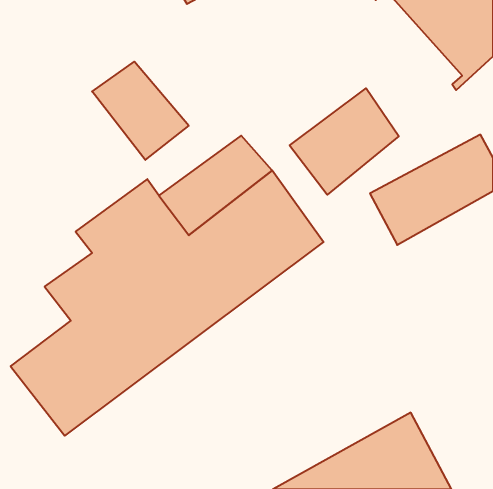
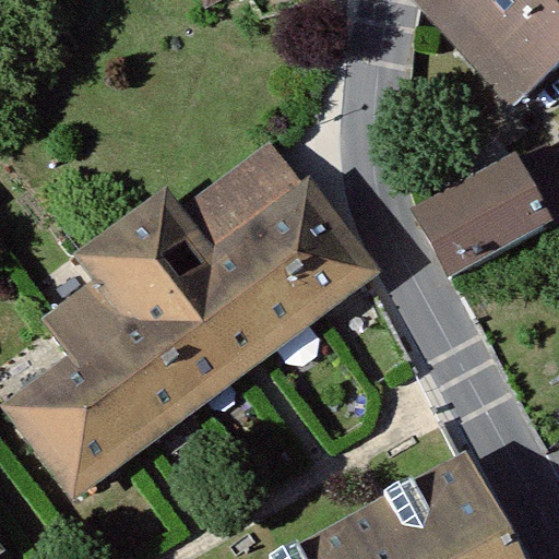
building: [92,62,189,160] -> none
building: [290,88,399,195] -> none

